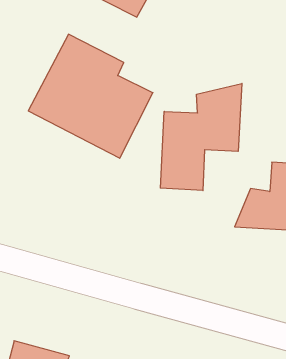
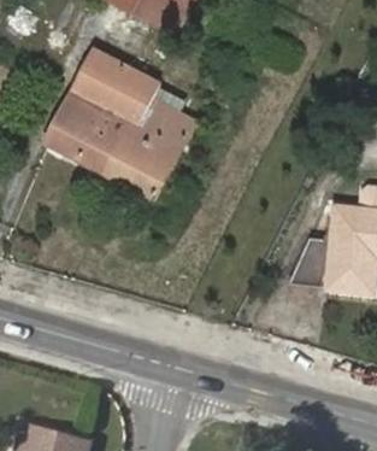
building: [160,83,242,191] -> none

